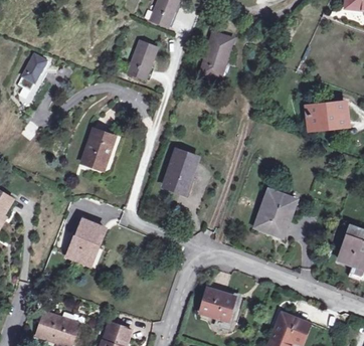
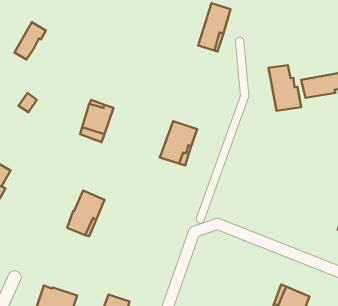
building: [126,41,157,80] -> none
building: none -> [269,65,301,111]
building: [253,191,296,239] -> none
building: [199,288,240,323] -> none

